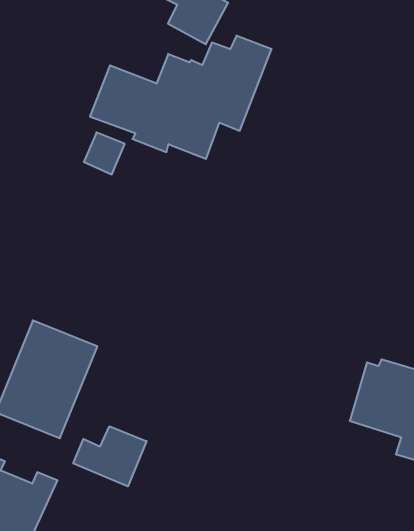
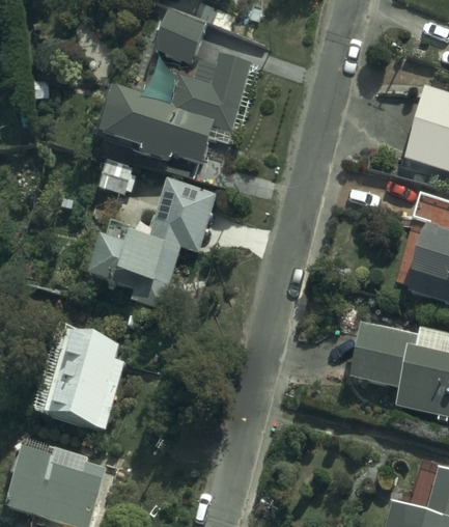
building: none -> [86,179,215,312]
building: [73,426,147,486] -> none

